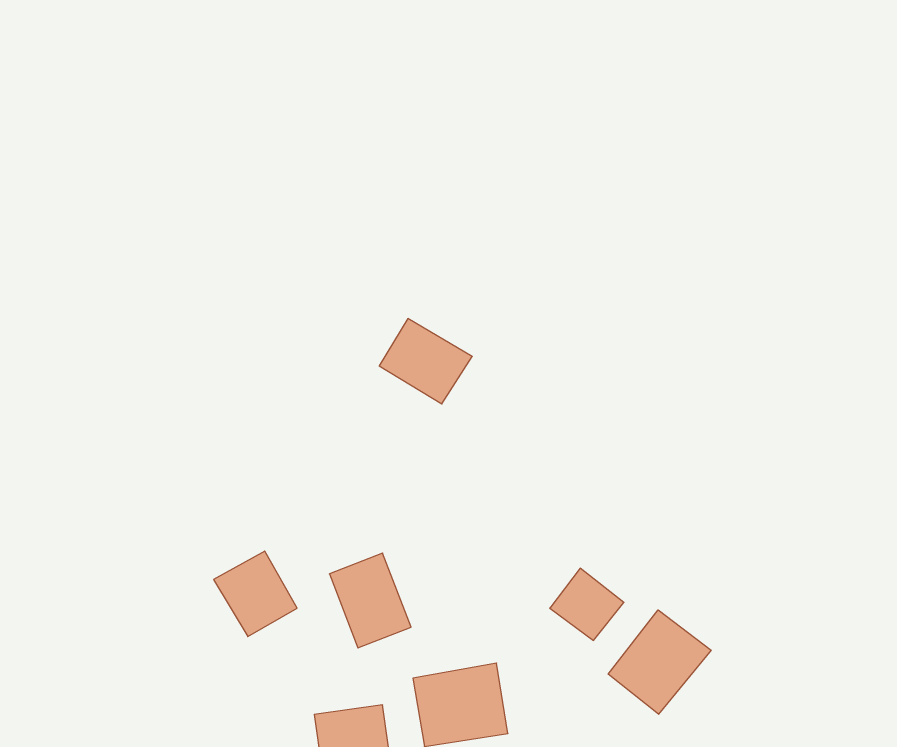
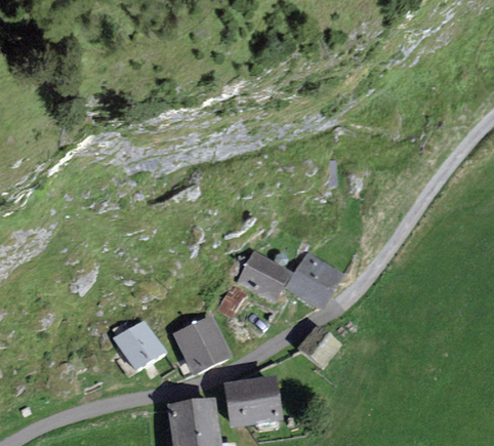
building: [379,319,472,404] -> [239,251,289,297]
building: none -> [289,254,340,307]
building: [608,610,711,714] -> none

